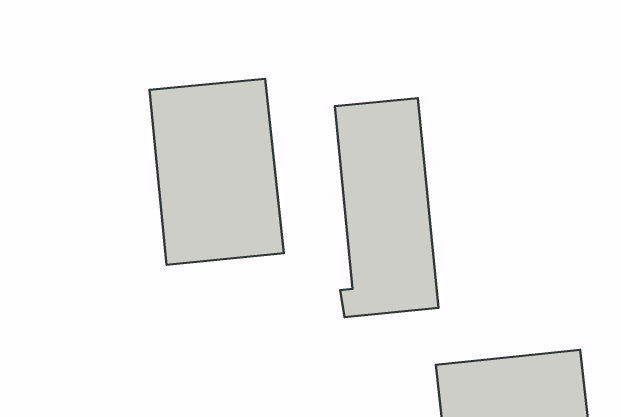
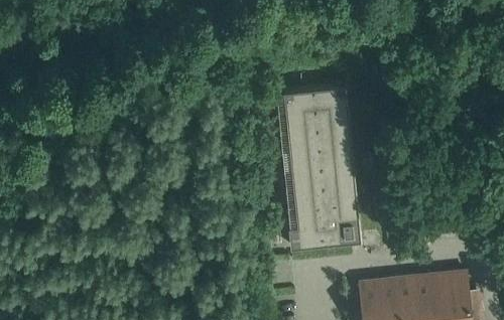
building: [149,79,284,265] -> none

